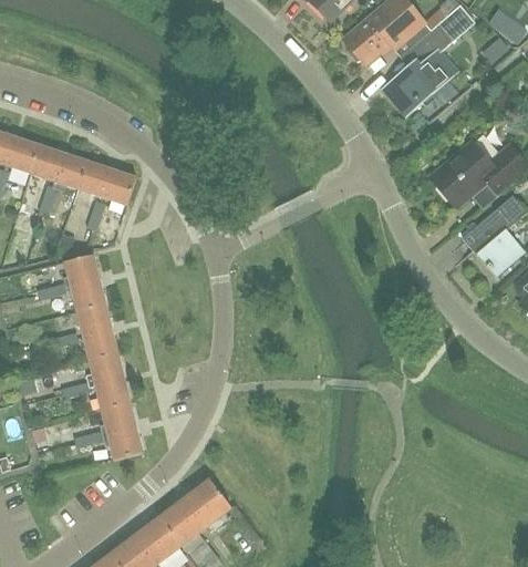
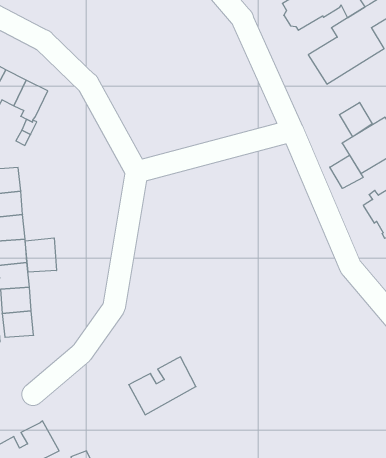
building: none -> [339,102,372,137]
building: [103,168,136,205] -> none
building: none -> [330,155,363,188]
building: none -> [25,238,56,272]
building: [106,427,142,460] -> none
building: [159,478,230,545] -> [129,357,196,415]

